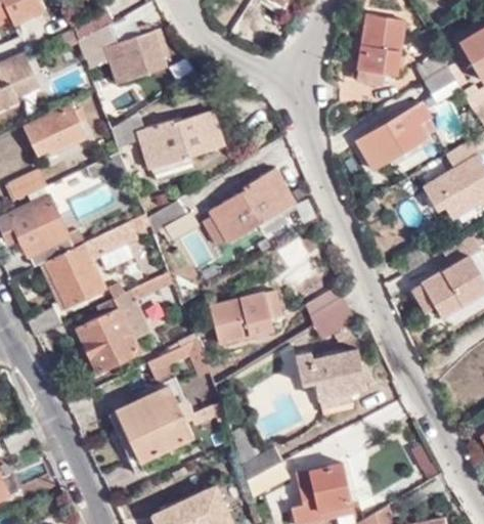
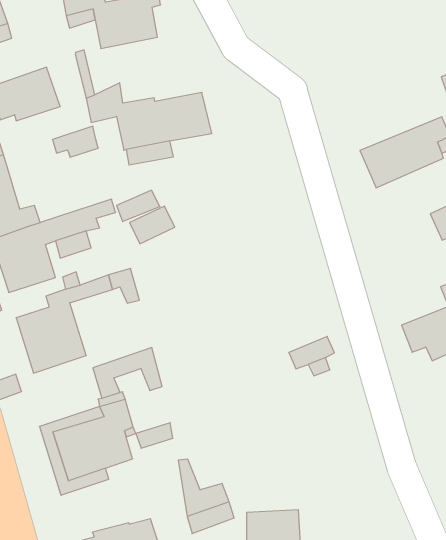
building: [357,15,403,86] -> none
building: [203,168,296,244] -> none
building: [305,289,348,326] -> none
building: [211,290,283,343] -> none
building: [297,350,366,406] -> none

